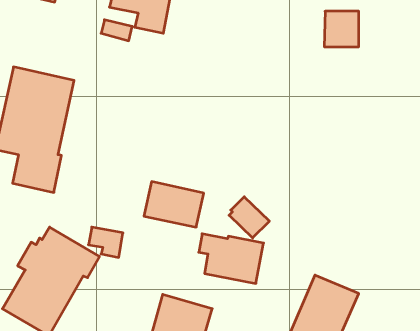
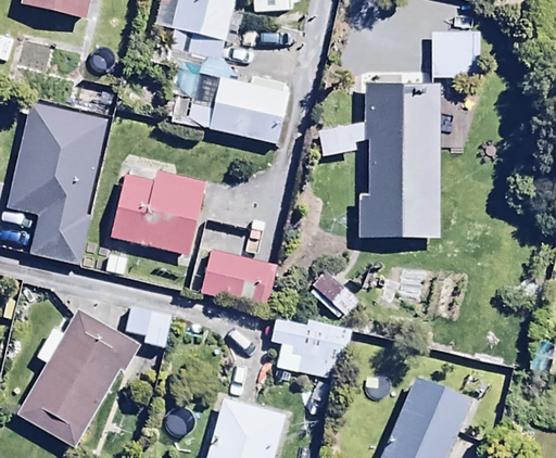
building: none -> [189,77,288,144]
building: none -> [320,80,441,238]
building: none -> [111,171,204,253]

